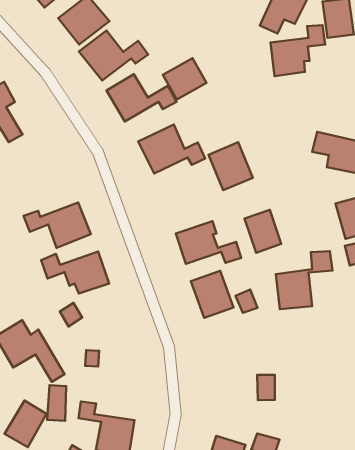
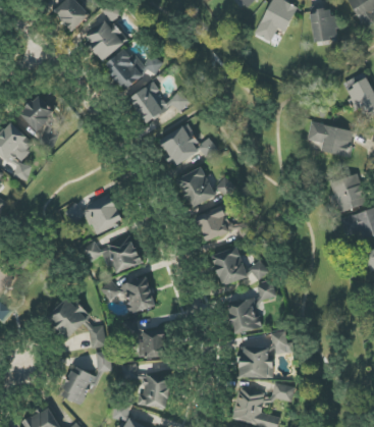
building: [270,25,325,76] -> none
building: [163,58,206,99] -> none
building: [209,142,253,190] -> [177,166,216,208]
building: [245,210,281,253] -> none
building: [276,251,332,309] -> [228,281,276,333]
building: none -> [121,276,155,314]
building: none -> [143,329,167,358]
building: none -> [241,346,274,378]

